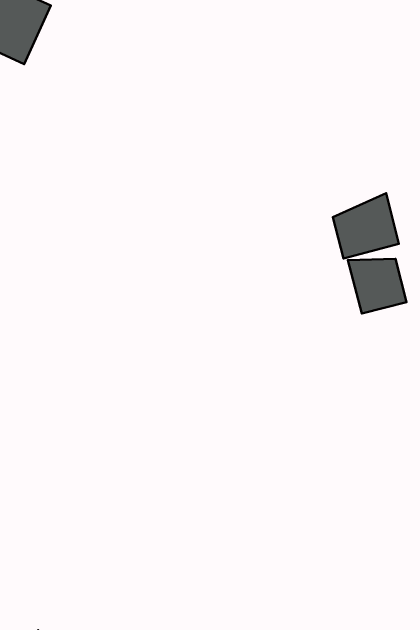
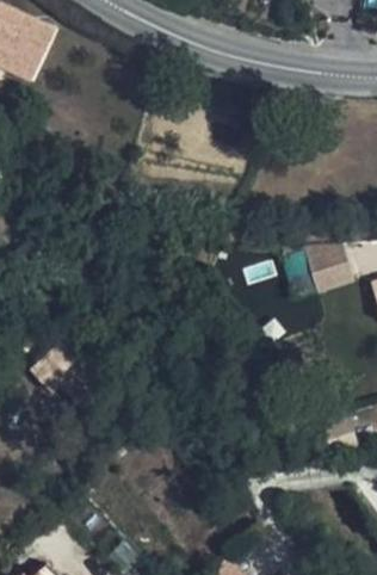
building: [333,193,399,258] -> none

